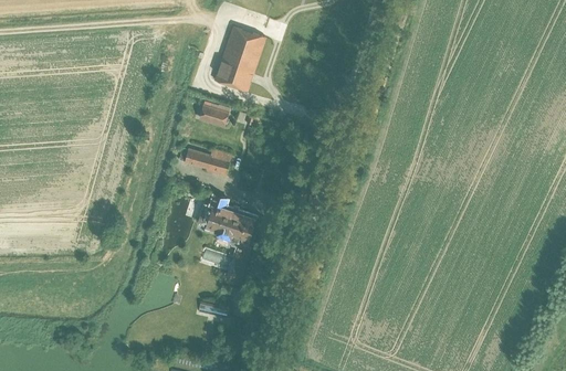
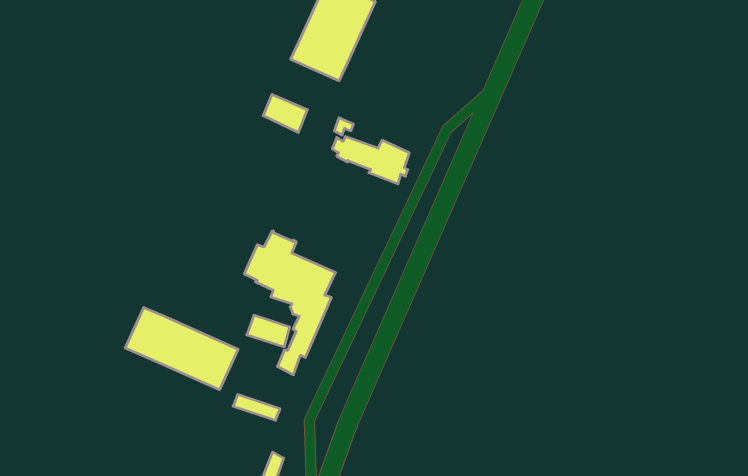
building: [180,148,231,176] -> [332,137,409,184]
building: none -> [125,307,238,390]

